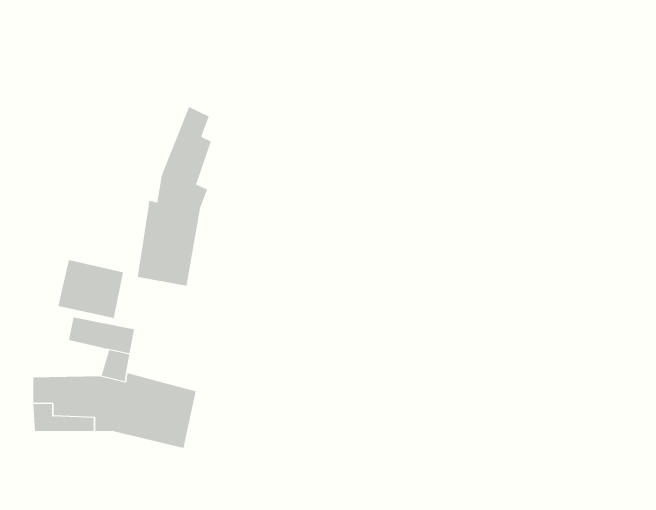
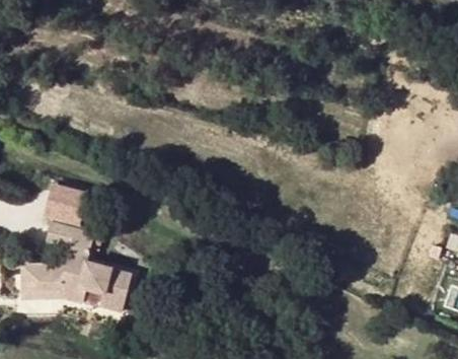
building: [137,106,212,286] -> none

